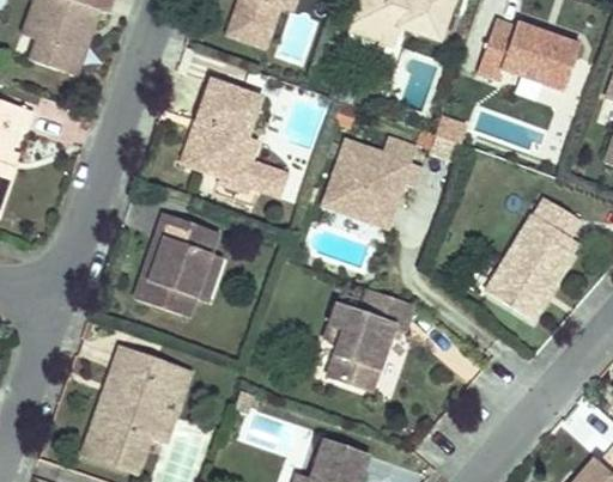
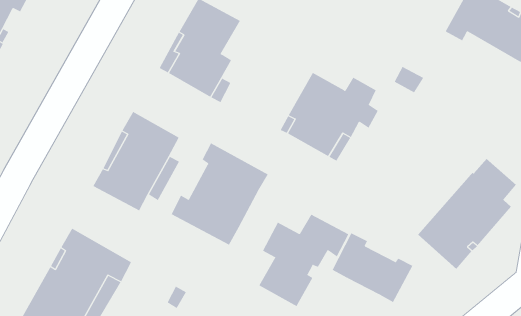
building: none -> [171,143,268,246]
building: none -> [332,232,413,303]

